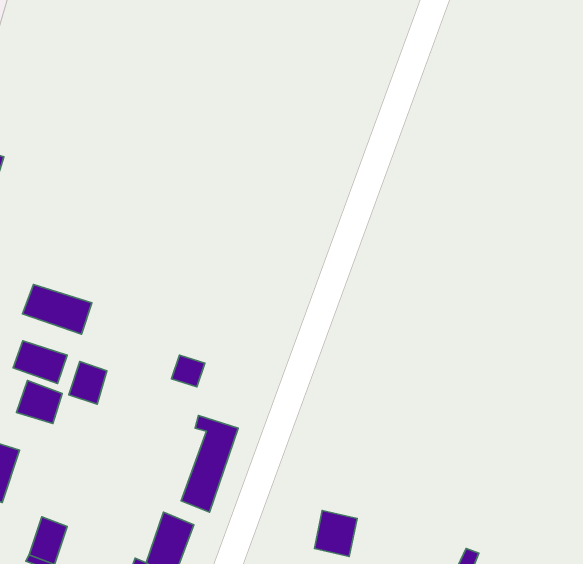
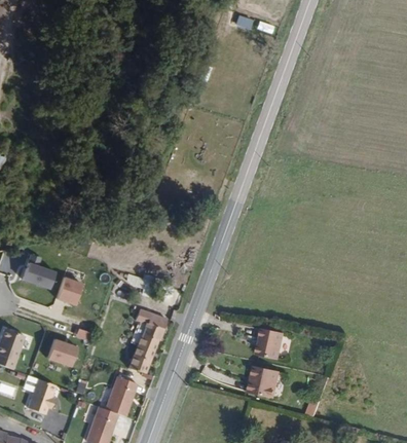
building: [22,284,92,334] -> none
building: [16,381,62,423] -> [46,337,76,365]
building: none -> [261,327,287,358]
building: [314,511,357,557] -> [253,366,281,396]

